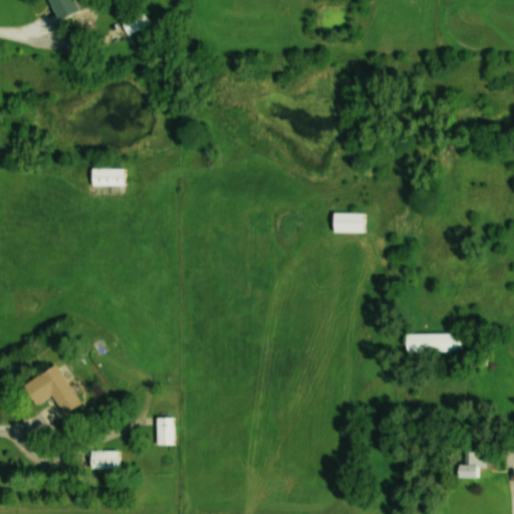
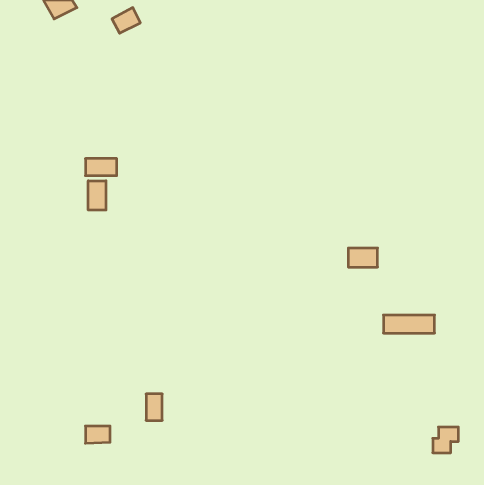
building: none -> [88,181,106,210]
building: [332,213,363,233] -> [348,248,378,267]
building: [23,363,80,414] -> none

